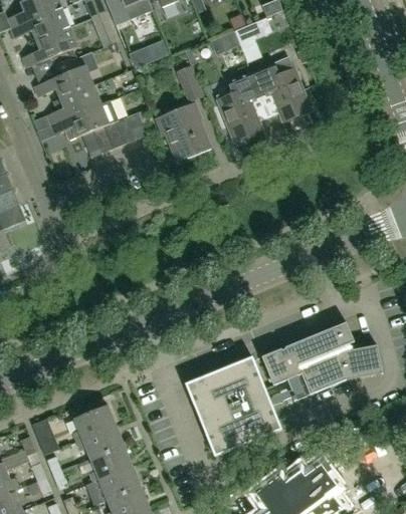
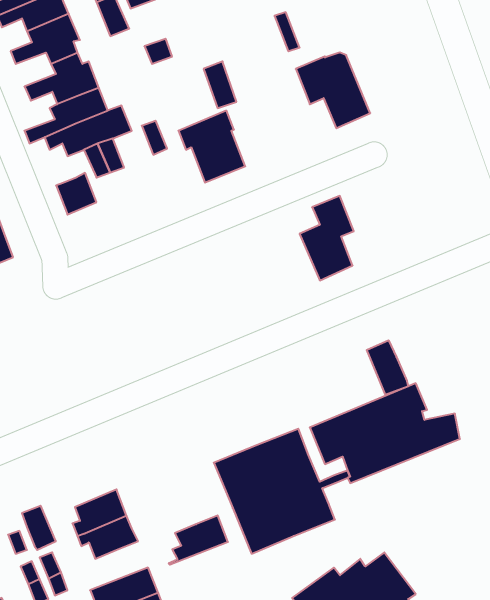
building: [218,71,261,139] -> [300,196,354,280]
building: [105,116,137,150] -> [56,173,96,215]
building: none -> [367,340,408,395]
building: [85,447,133,486] -> [169,515,228,565]

